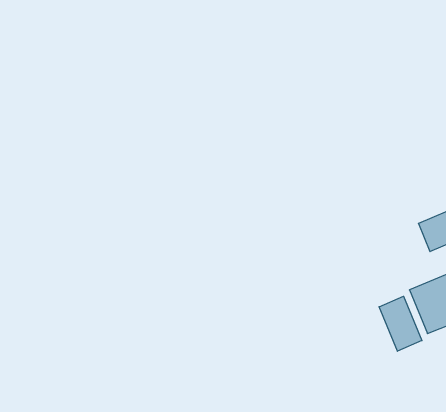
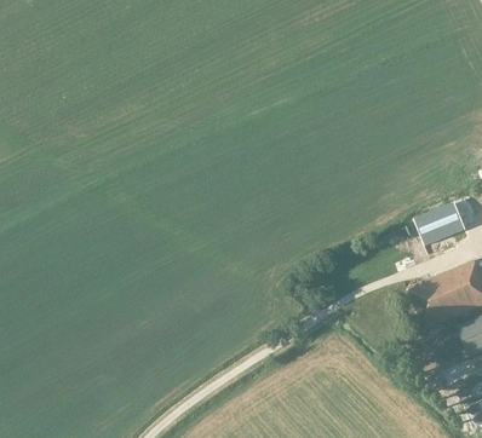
building: [379,296,422,351] -> none

